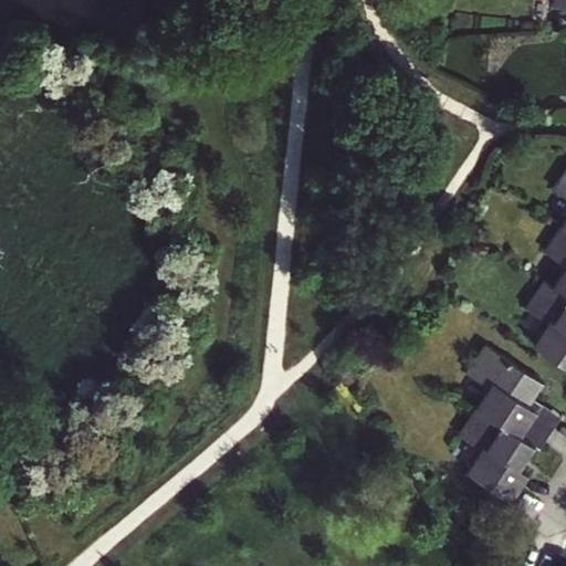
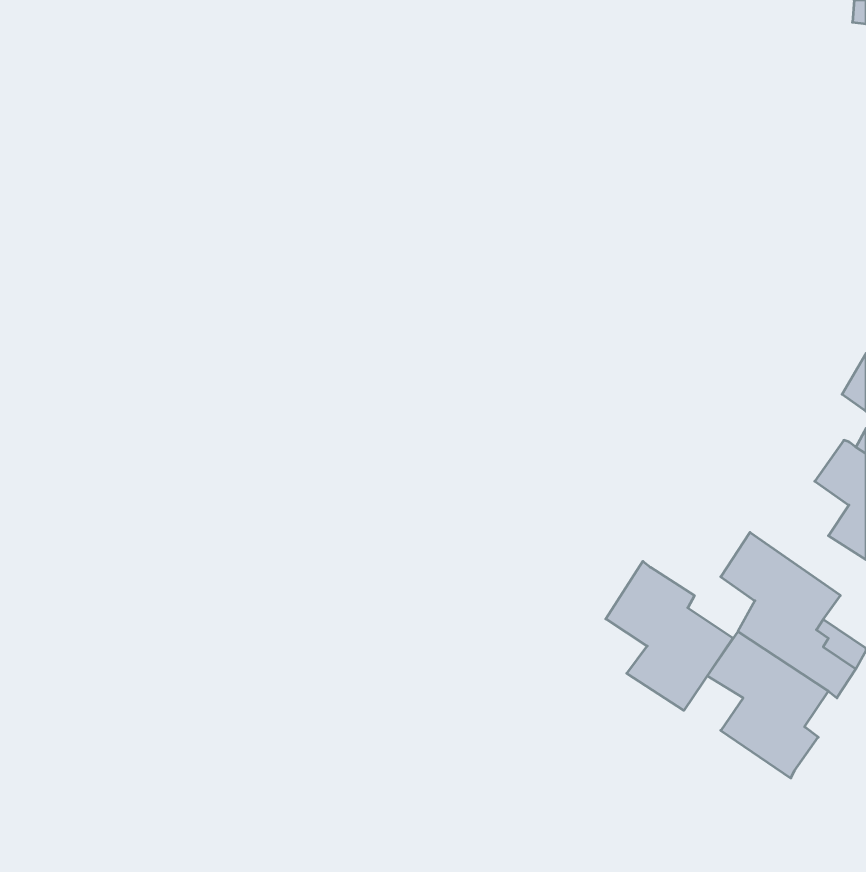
building: none -> [606,561,733,710]

